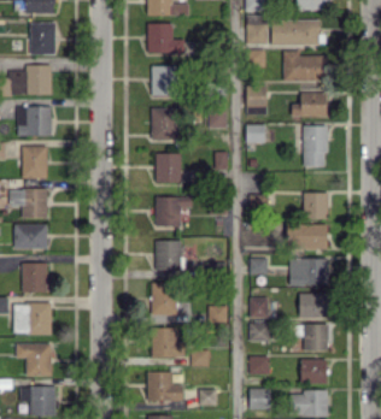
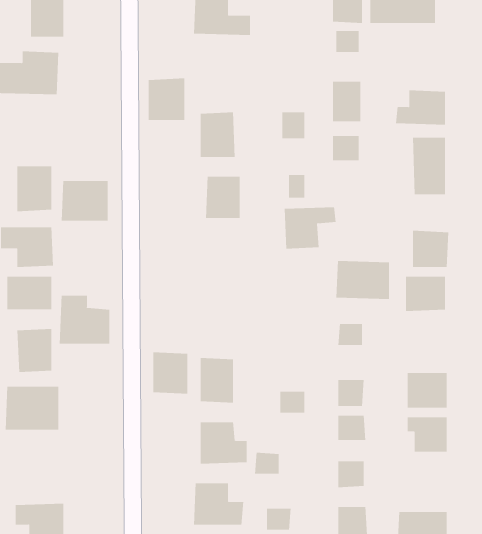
building: [283,51,327,82] -> none
building: [152,66,178,96] -> [148,78,185,120]
building: [17,107,51,136] -> [61,181,108,221]
building: [156,197,193,228] -> [284,207,337,249]
building: none -> [59,295,110,345]
building: [156,241,181,271] -> [153,352,188,394]
building: [289,259,328,287] -> [335,260,390,299]
building: [16,344,51,377] -> none
building: [300,360,327,385] -> none

